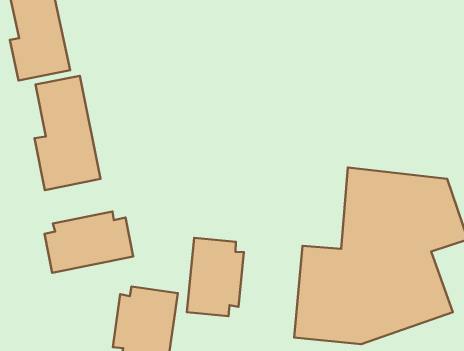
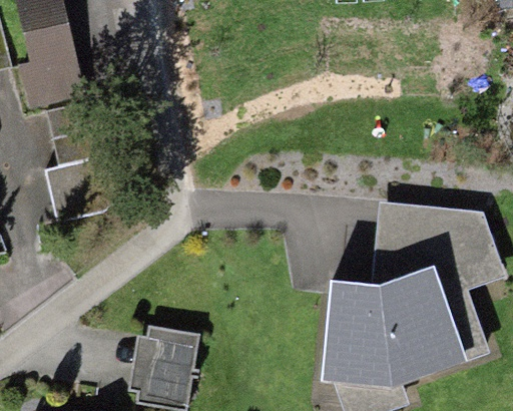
building: [44,211,133,273] -> none
building: [187,238,244,316] -> none

